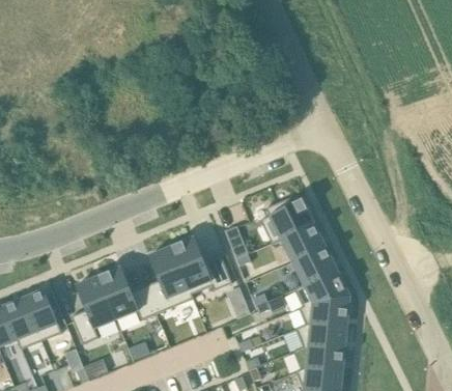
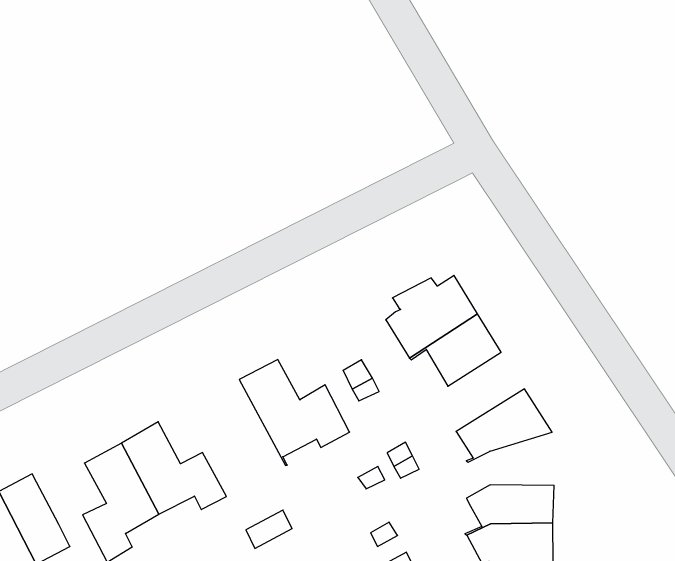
building: [144,246,192,313] -> none
building: [291,246,336,289] -> none
building: [294,296,349,329] -> none

